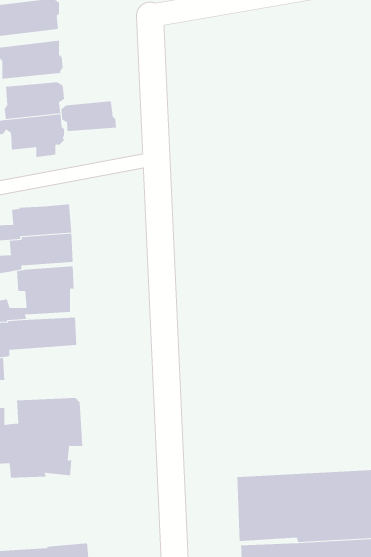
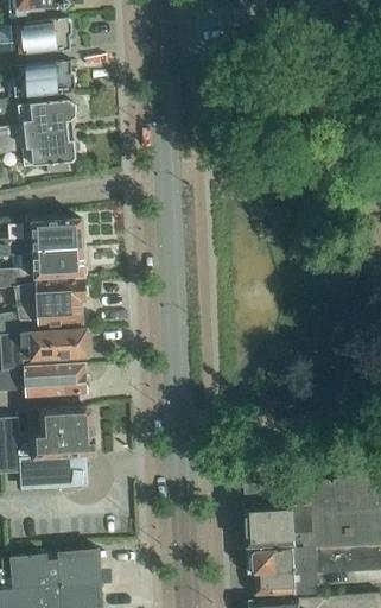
building: [61,101,116,132] -> none
building: none -> [23,365,85,398]

